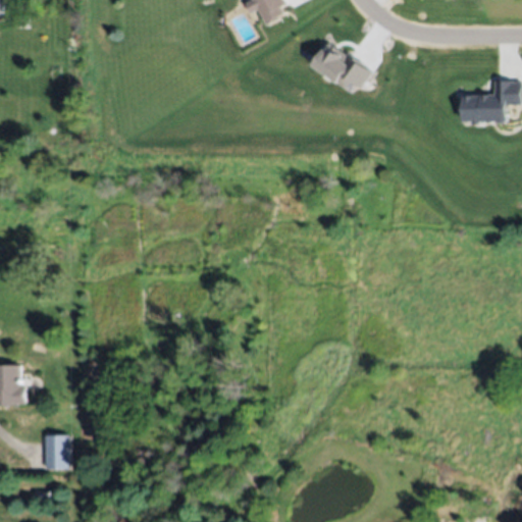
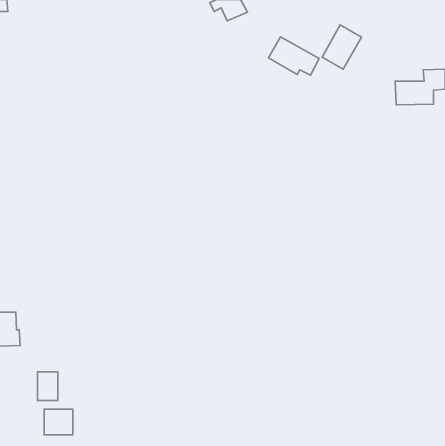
building: none -> [322,25,362,69]
building: none -> [44,409,73,435]

